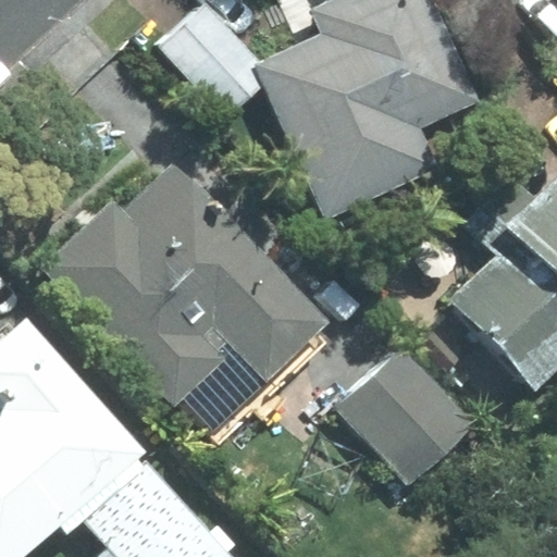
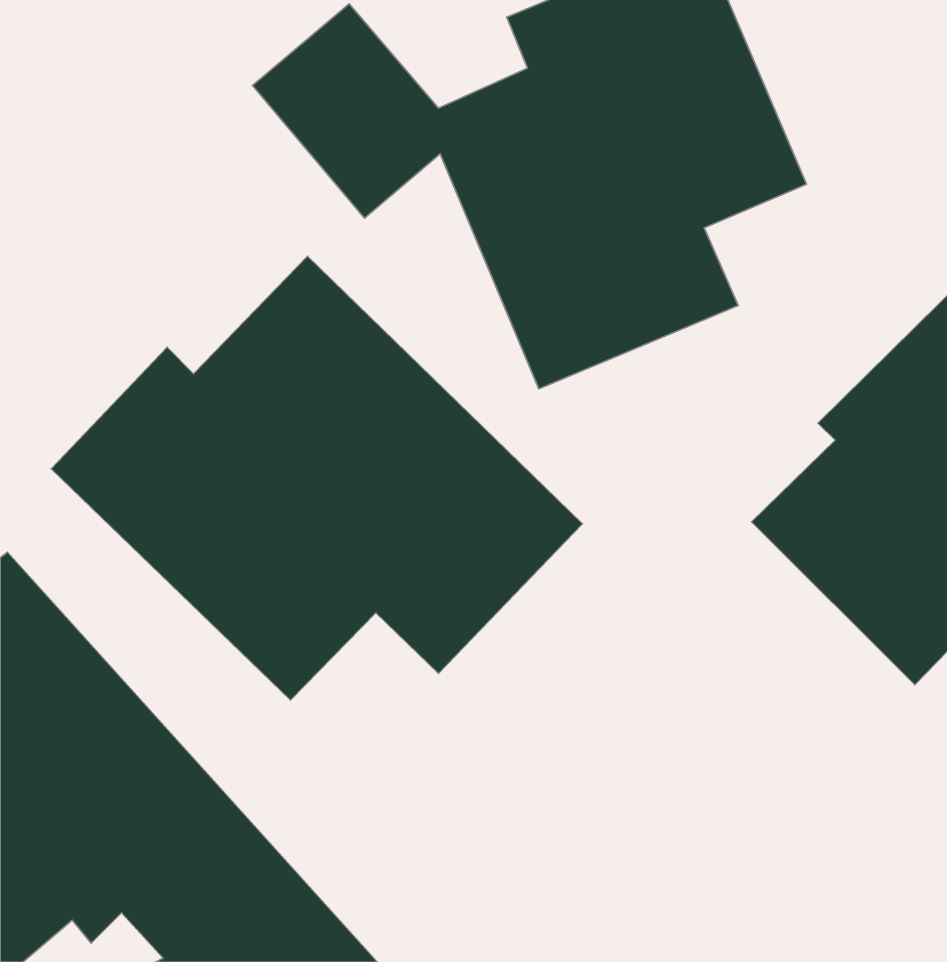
building: [329,337,475,486] -> none

